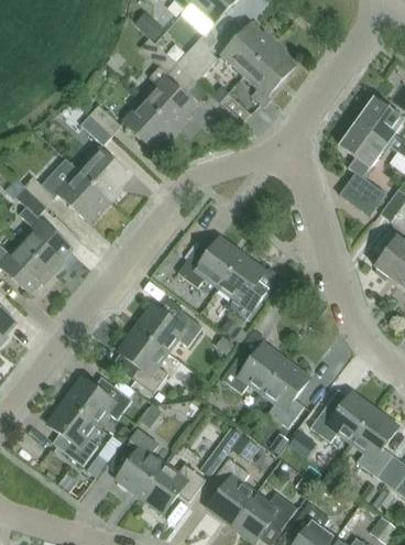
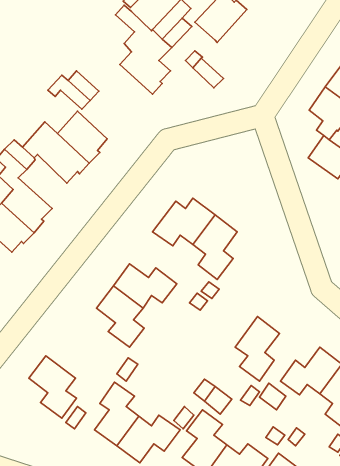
building: [237,41,296,106] -> none
building: [122,98,177,150] -> none
building: [221,344,286,393] -> none
building: [66,378,132,424] -> none

